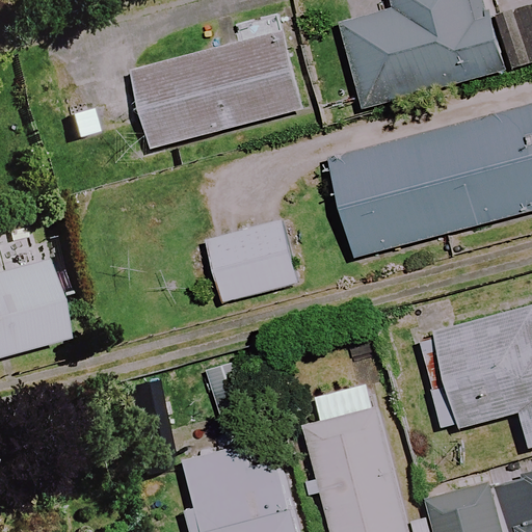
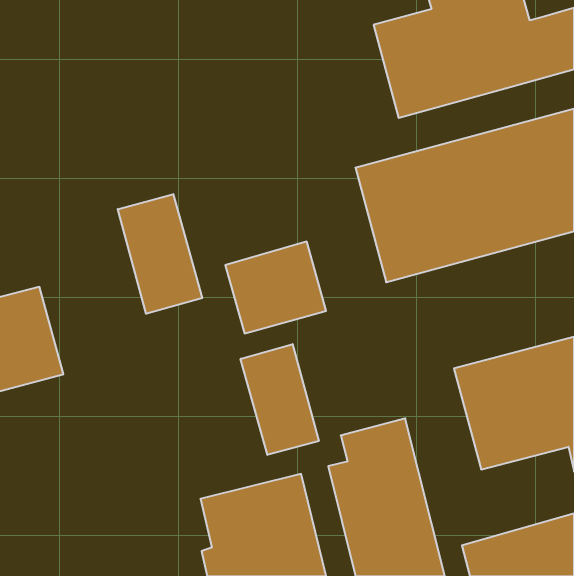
building: [91,16,303,151] -> none
building: none -> [118,194,202,314]
building: none -> [241,344,319,455]

